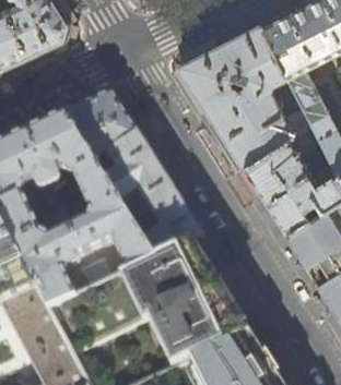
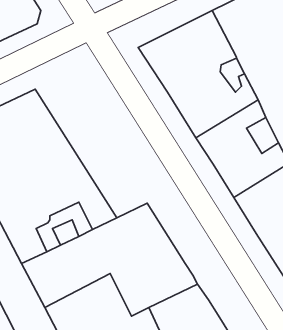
building: [62,92,201,257] -> none

